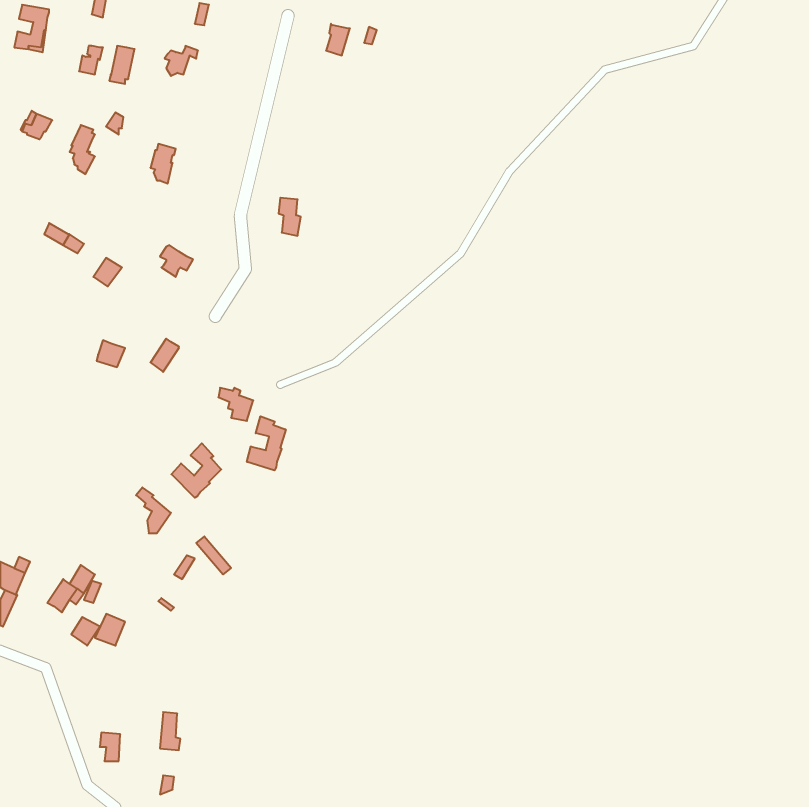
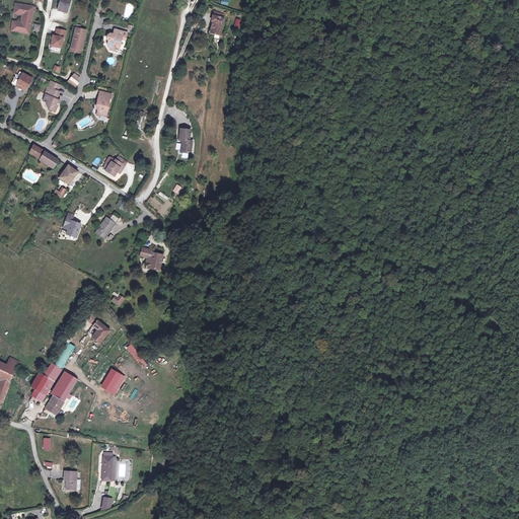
building: [247,416,286,470] -> none
building: [171,443,221,498] -> none

